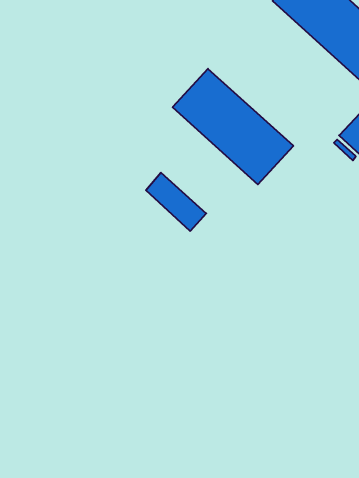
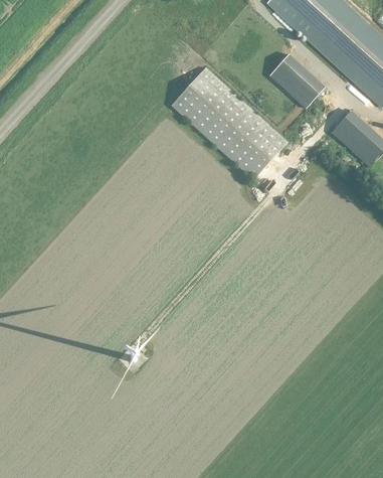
building: none -> [267,53,325,108]
building: [146,173,206,231] -> none

